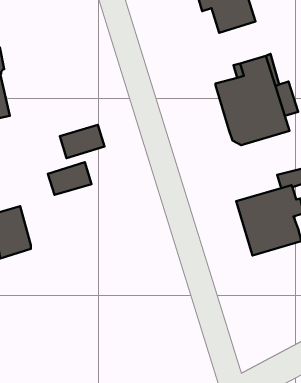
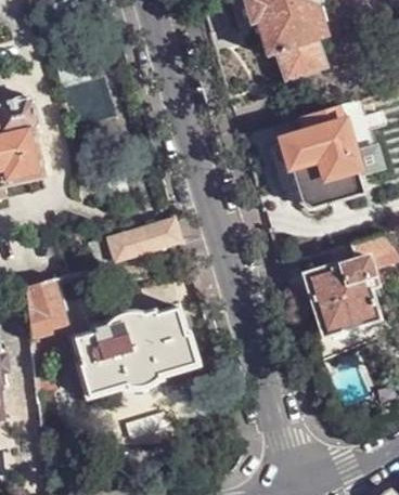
building: [60,125,105,158] -> [132,217,183,255]
building: none -> [74,304,201,398]

